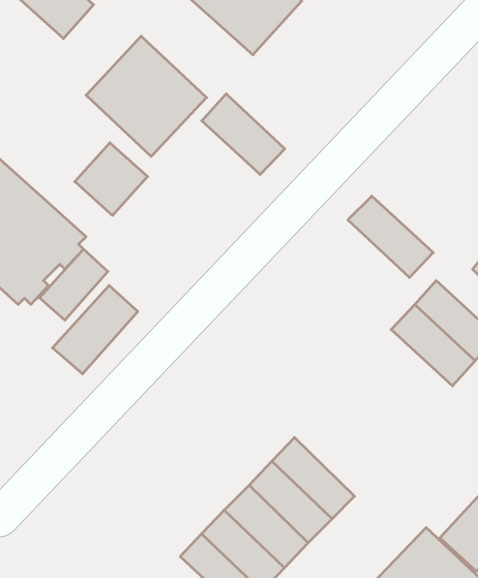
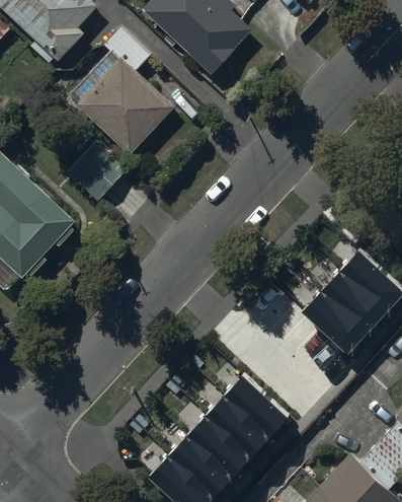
building: [202,94,285,175] -> none
building: [348,196,433,278] -> [302,294,371,360]
building: [39,249,108,320] -> none
building: [52,285,138,374] -> none

